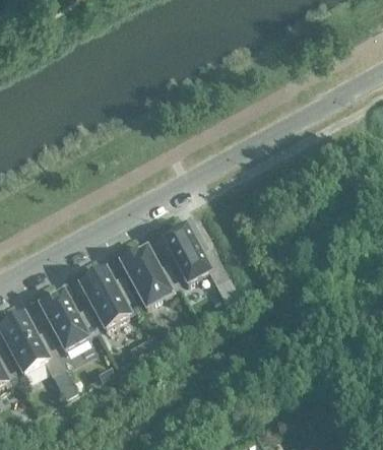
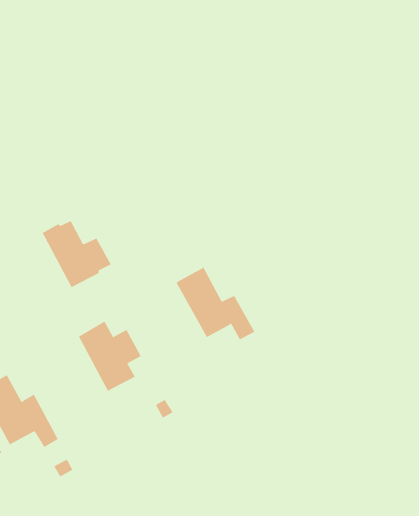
building: [120,249,178,305] -> [42,221,112,288]
building: [38,291,97,349] -> none

